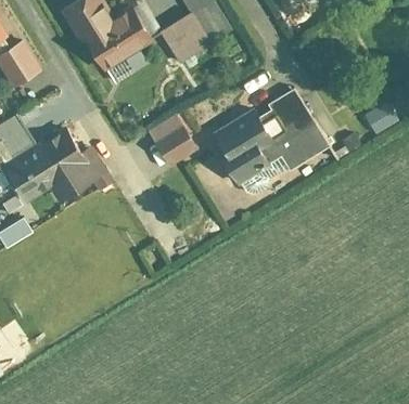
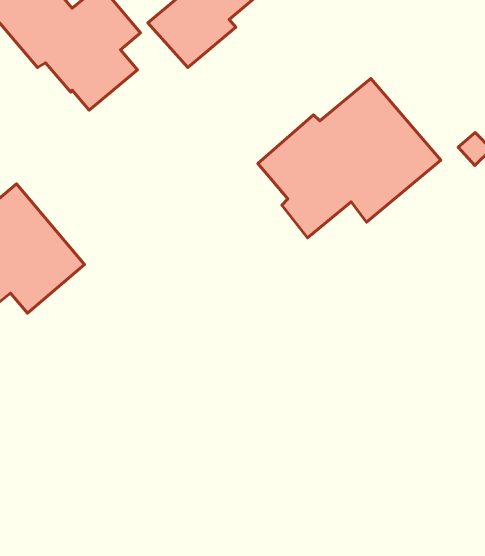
building: [148,113,197,168] -> none

